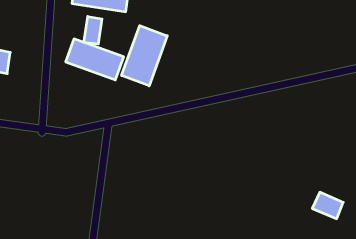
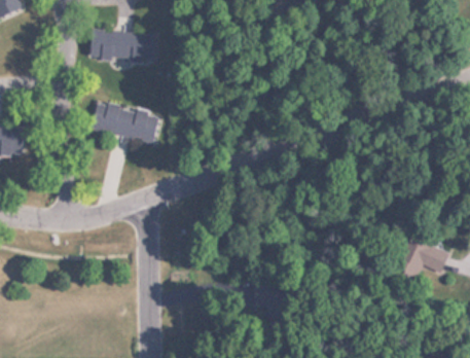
building: [84,16,102,44] -> none
building: [122,26,167,86] -> none

